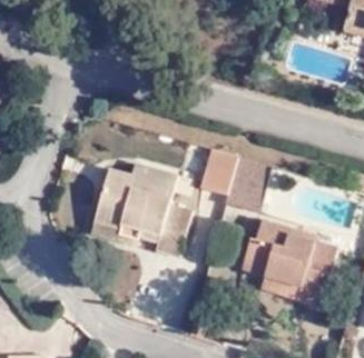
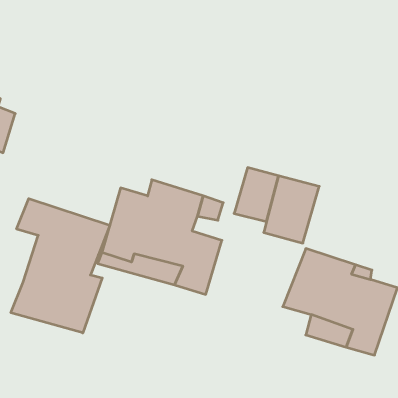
building: none -> [11,199,110,333]

